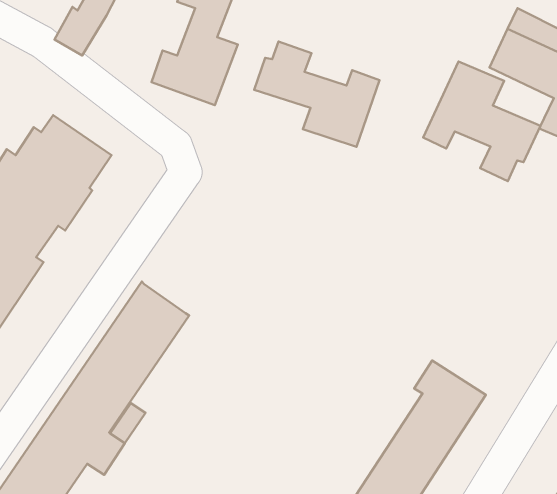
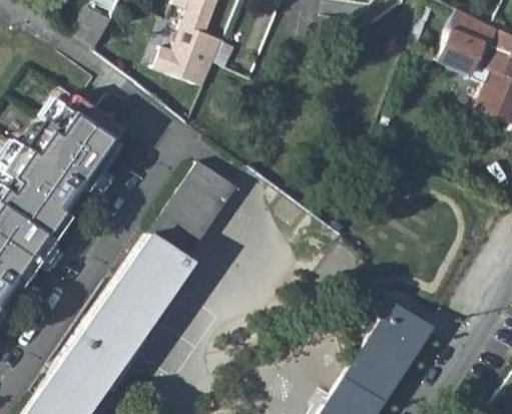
building: [254,41,380,147] -> none
building: [423,61,540,181] -> none
building: none -> [149,164,233,261]

